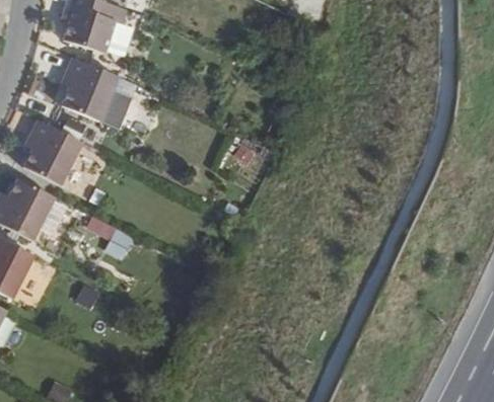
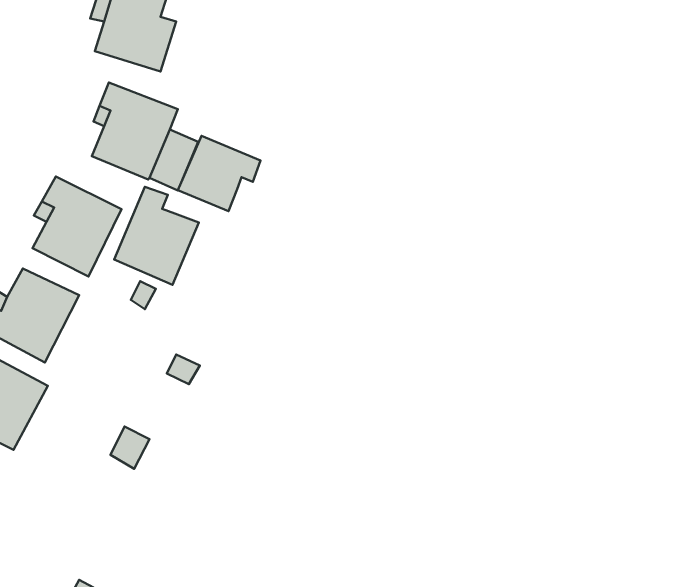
building: none -> [178,136,260,211]
building: none -> [114,187,199,285]

